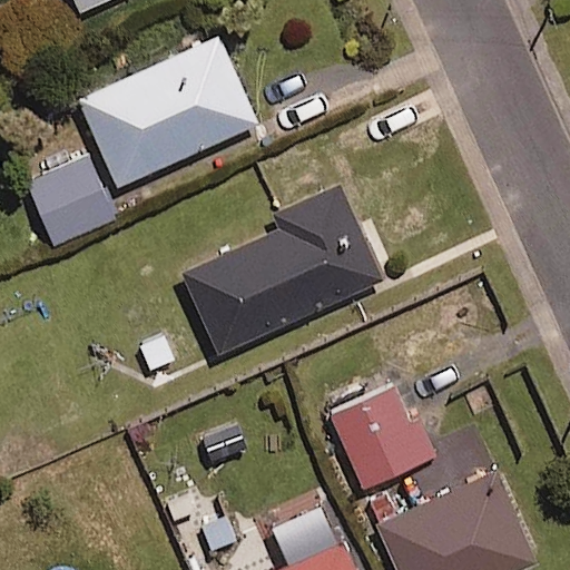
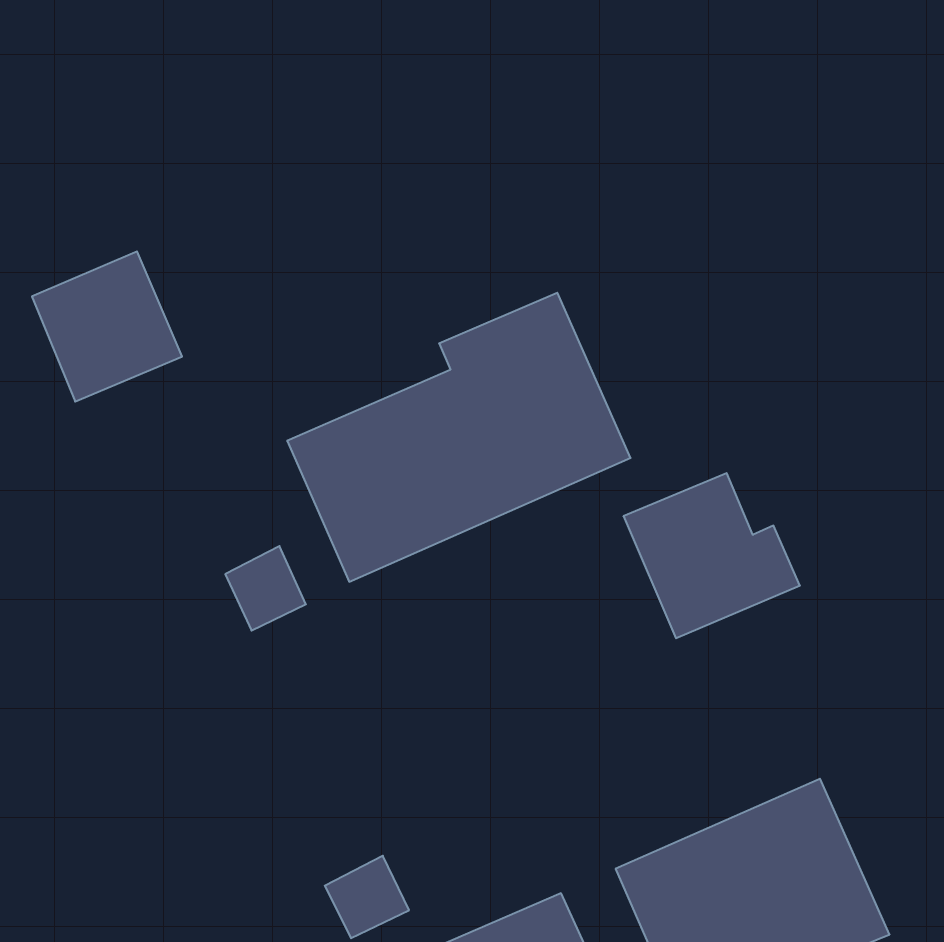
building: [76,36,258,188] -> none
building: [332,390,436,488] -> [623,473,800,638]

